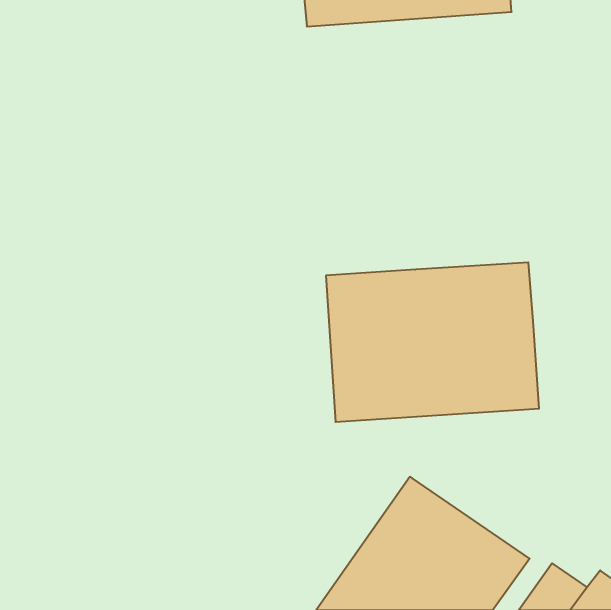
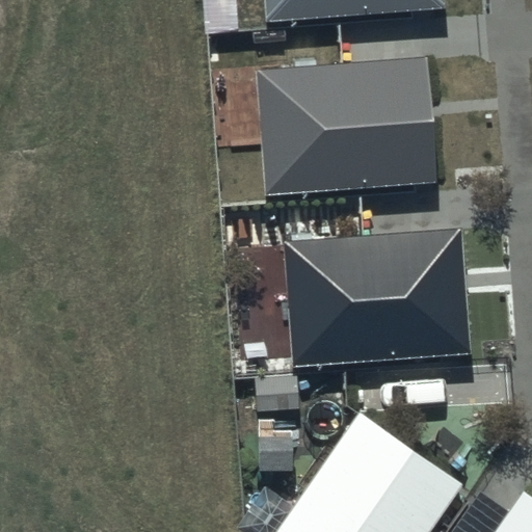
building: none -> [256,57,437,197]

